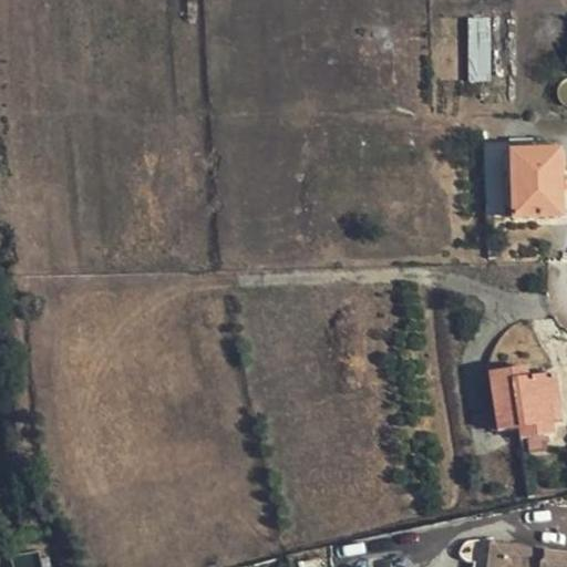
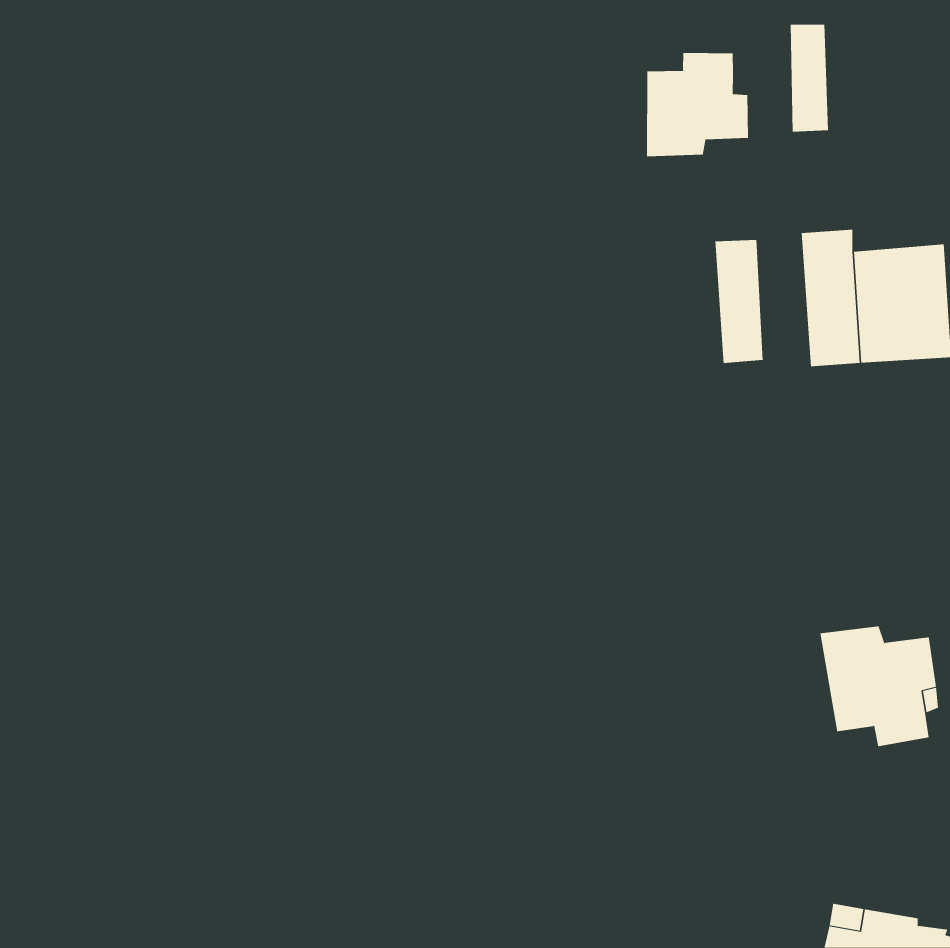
building: none -> [646,52,749,157]
building: none -> [715,239,763,364]

